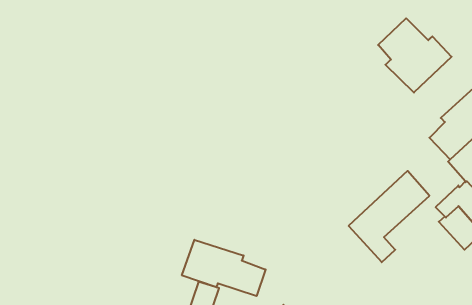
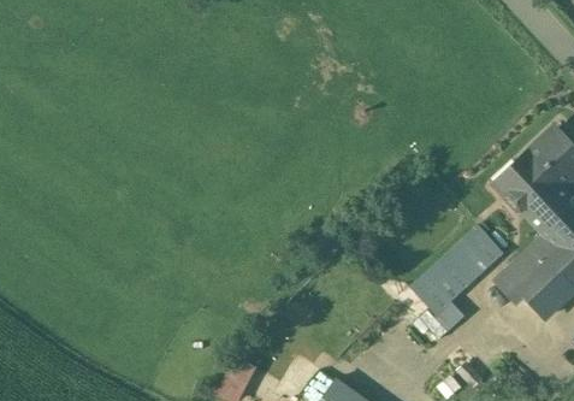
building: [378,18,452,93] -> none
building: [182,240,266,296] -> none

